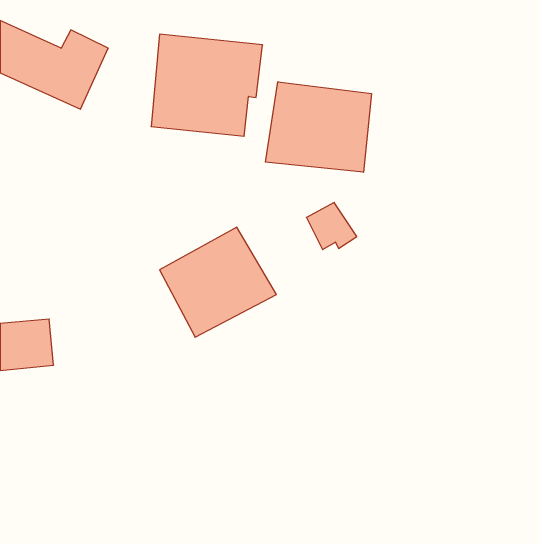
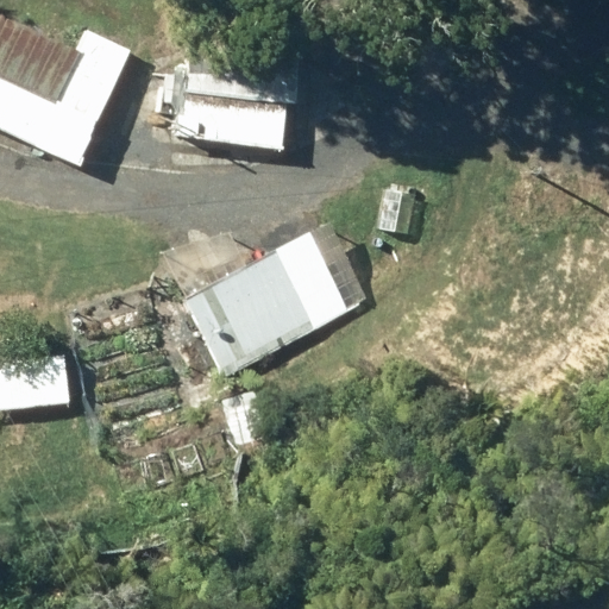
building: [266,82,371,172] -> none

